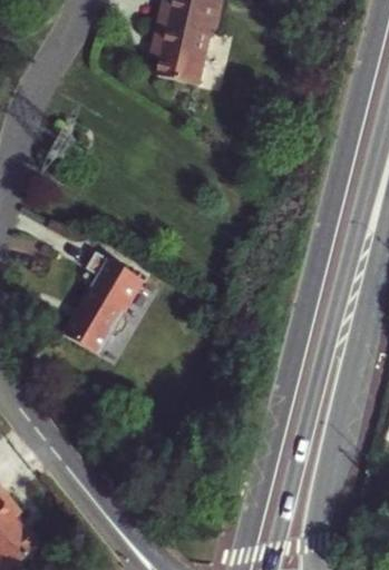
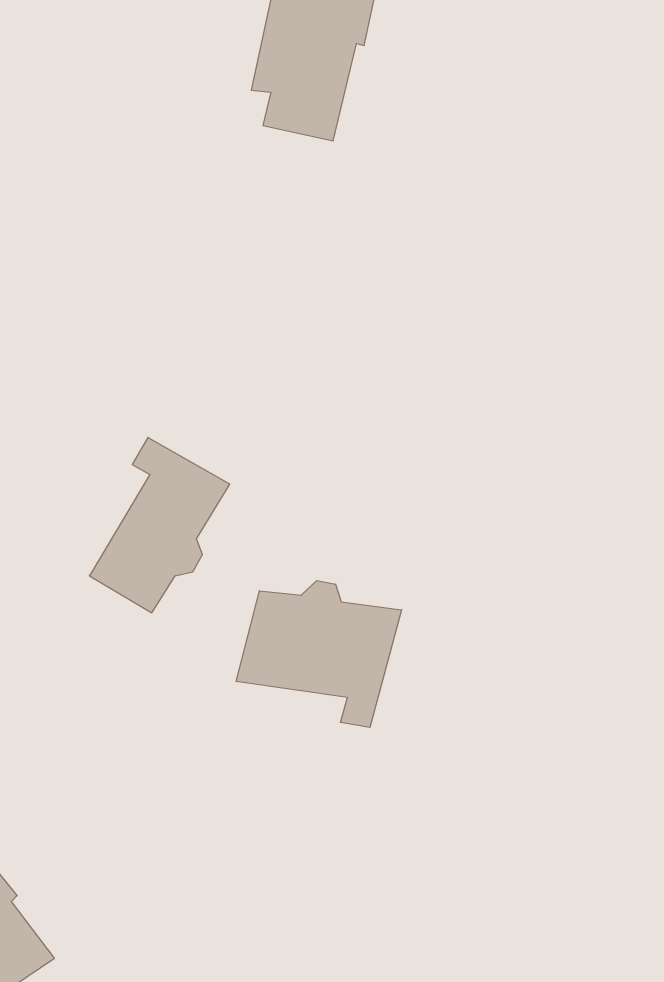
building: none -> [236,581,402,727]

